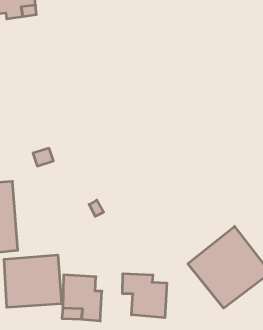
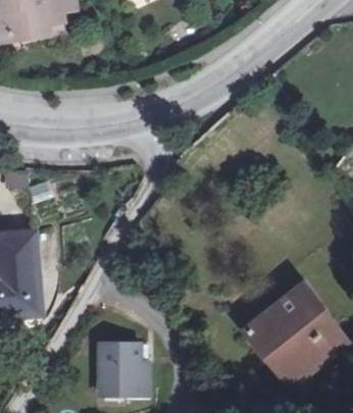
building: [4,255,61,307] -> none
building: [123,274,167,318] -> none

